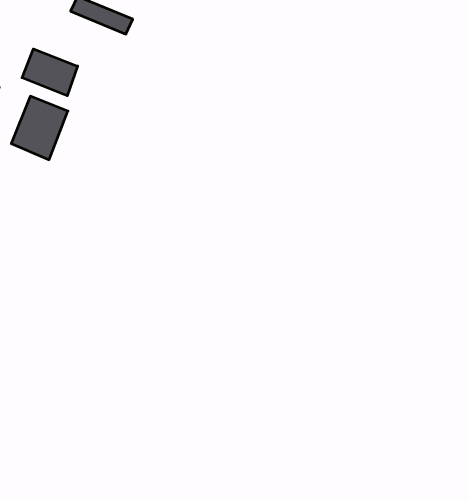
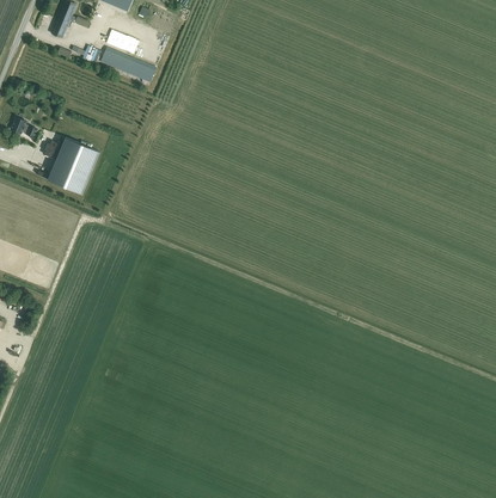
building: [22,49,78,96] -> none

